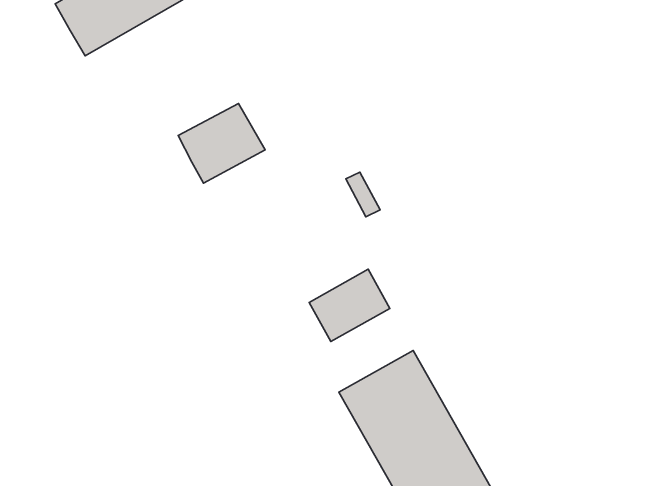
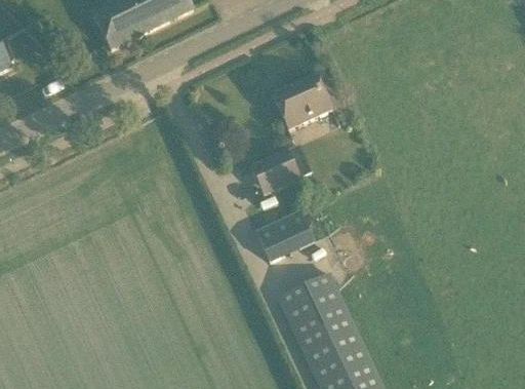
building: [178,104,265,183] -> [273,73,333,127]
building: none -> [248,146,299,194]

